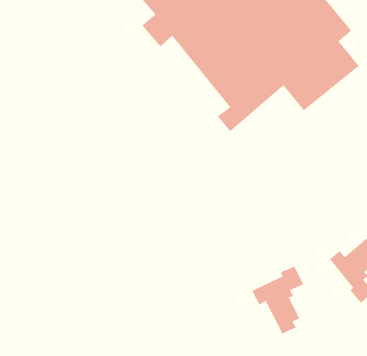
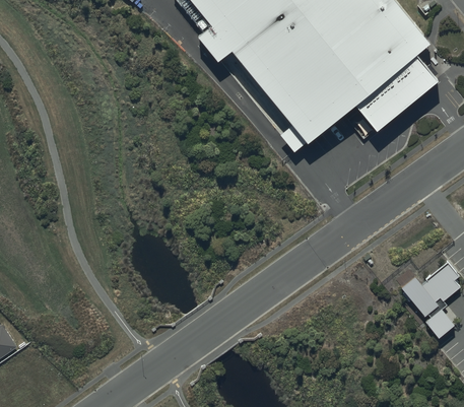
building: [251,266,304,334] -> none

